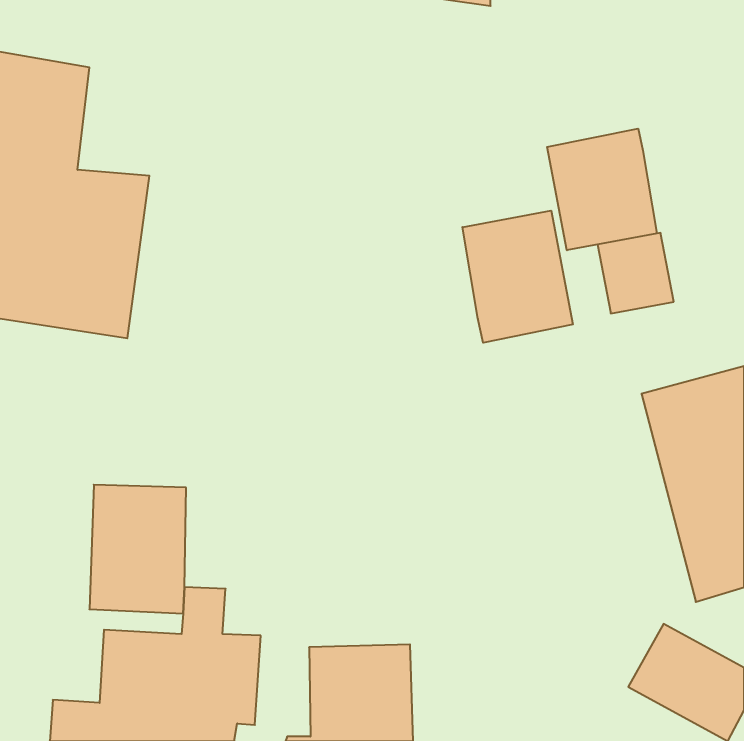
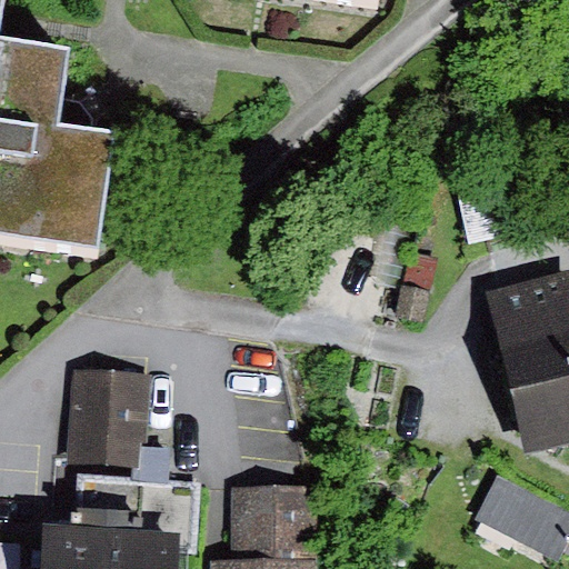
building: [547,129,657,250] -> none
building: [462,211,573,343] -> none

